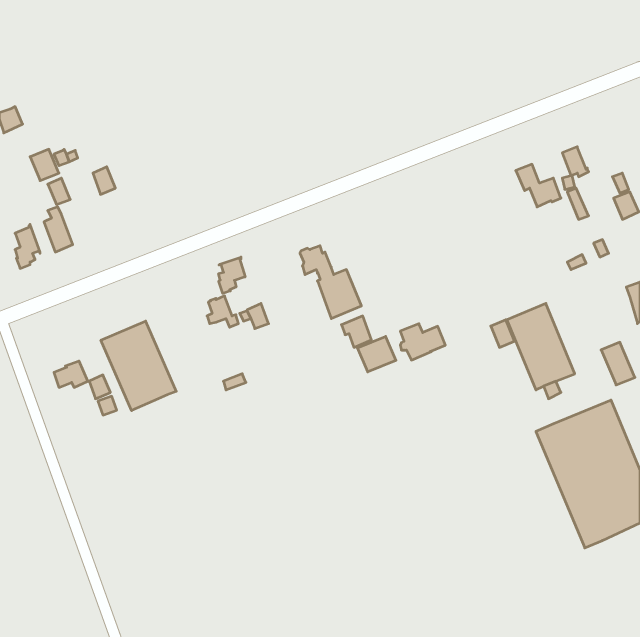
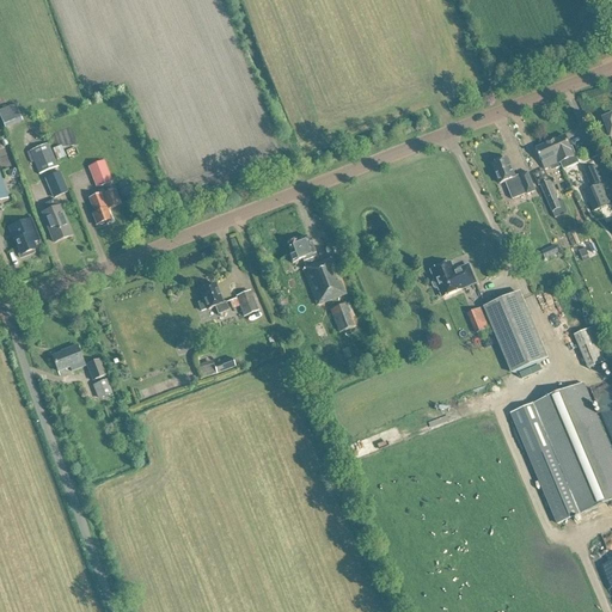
building: none -> [550,134,579,167]
building: none -> [87,188,118,224]
building: [219,257,245,293] -> none
building: [101,321,176,411] -> none
building: [400,324,445,360] -> [432,261,475,295]
building: [357,336,396,372] -> none

